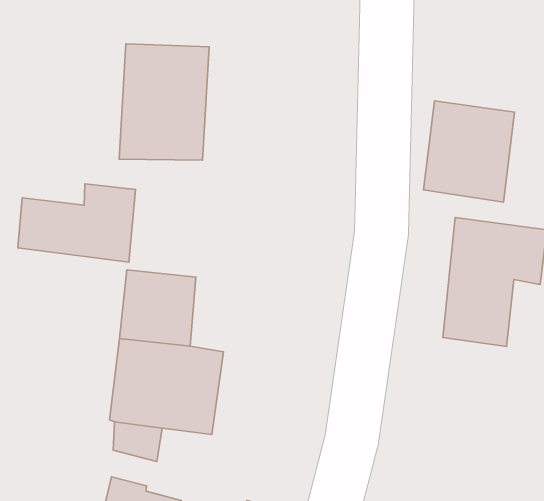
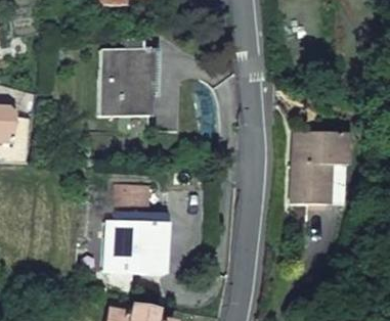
building: [424,101,515,202] -> none
building: [18,184,136,262] -> none

